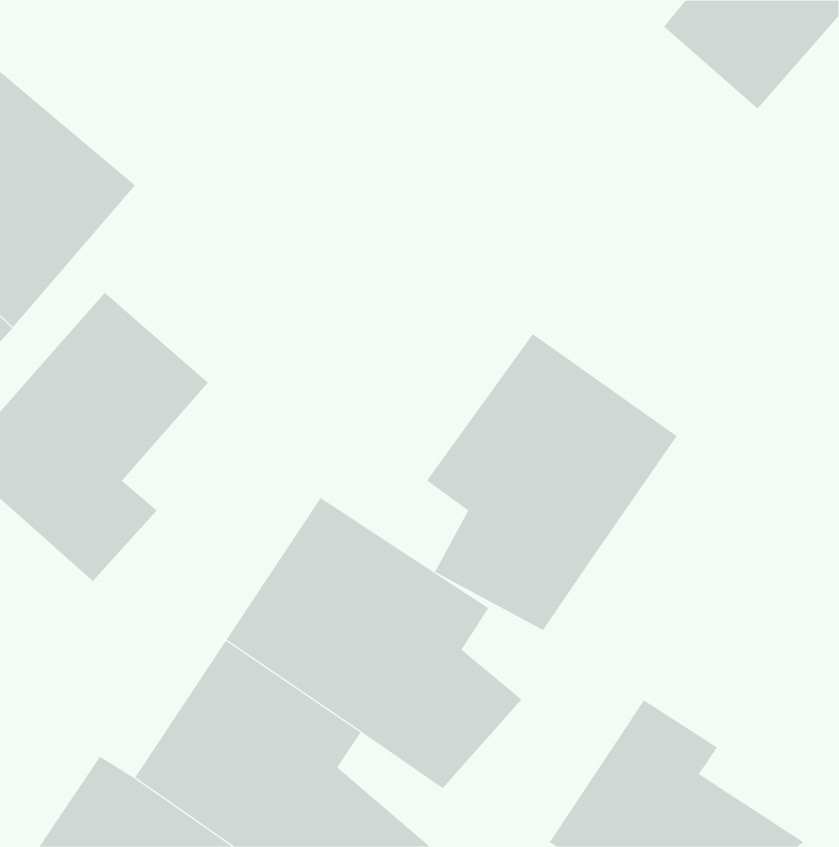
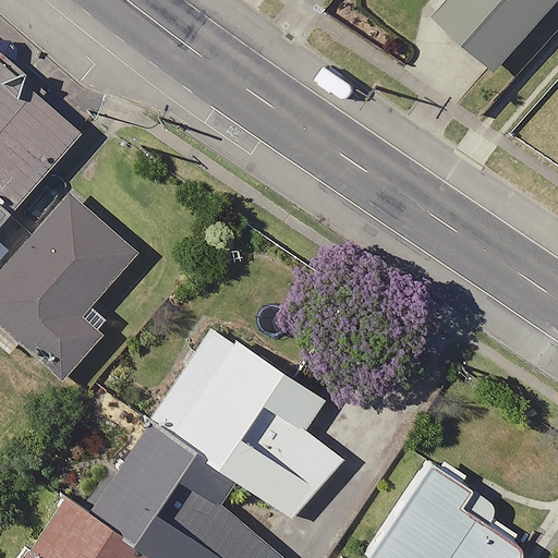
building: [426,333,677,631] -> none

